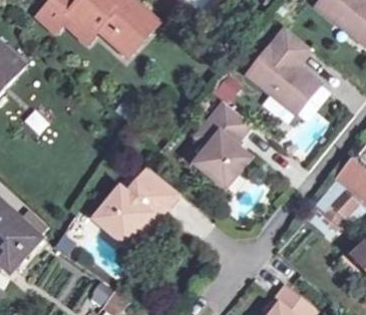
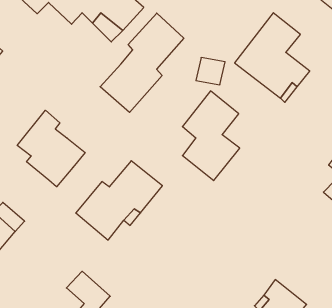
building: none -> [100,13,184,112]
building: none -> [17,110,85,187]

